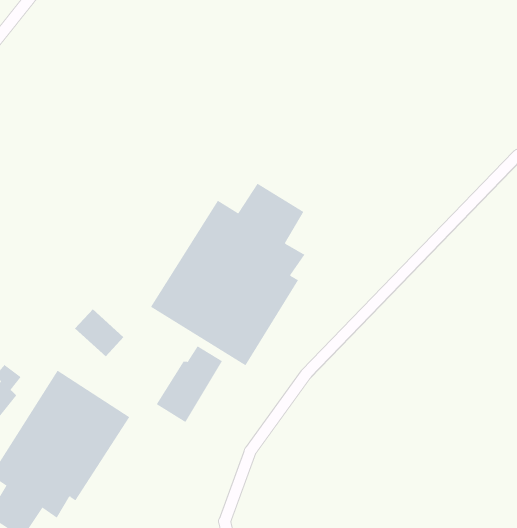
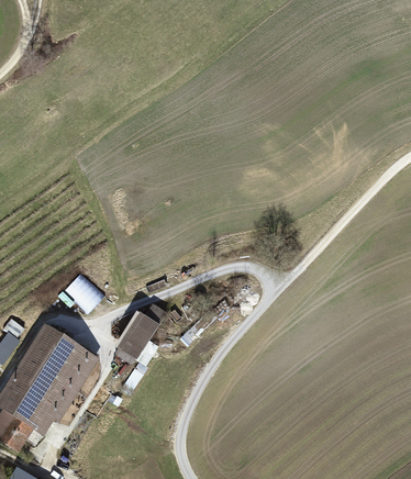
building: [150,183,305,366] -> none

